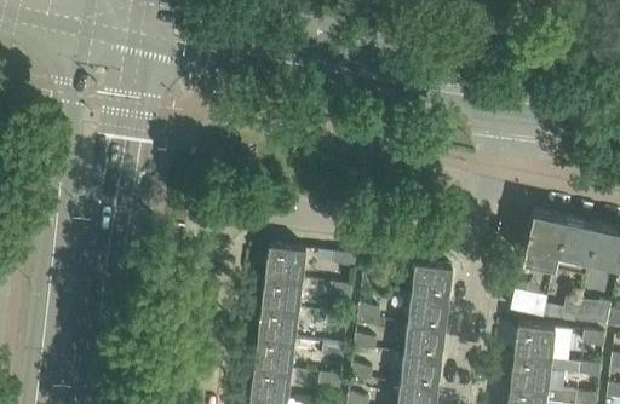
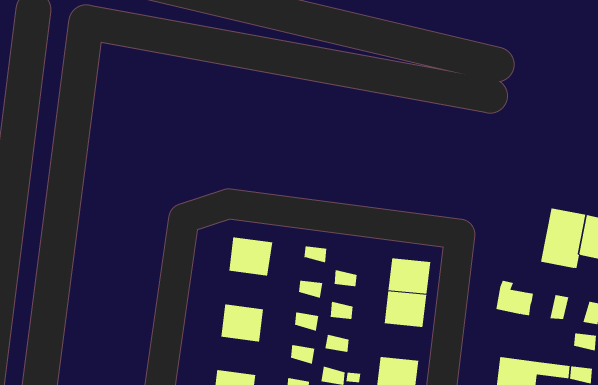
building: [522,209,562,266] -> none
building: [262,275,302,310] -> none
building: [404,323,444,357] -> none
building: [515,323,555,358] -> none
building: [254,335,294,370] -> none

